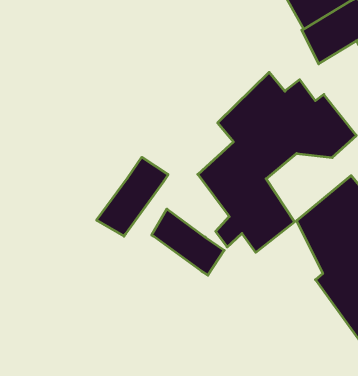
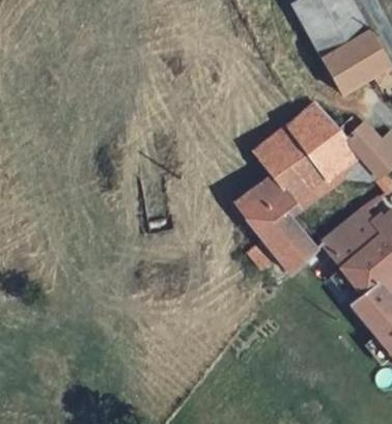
building: [97,157,168,236] -> none
building: [152,209,224,275] -> none

